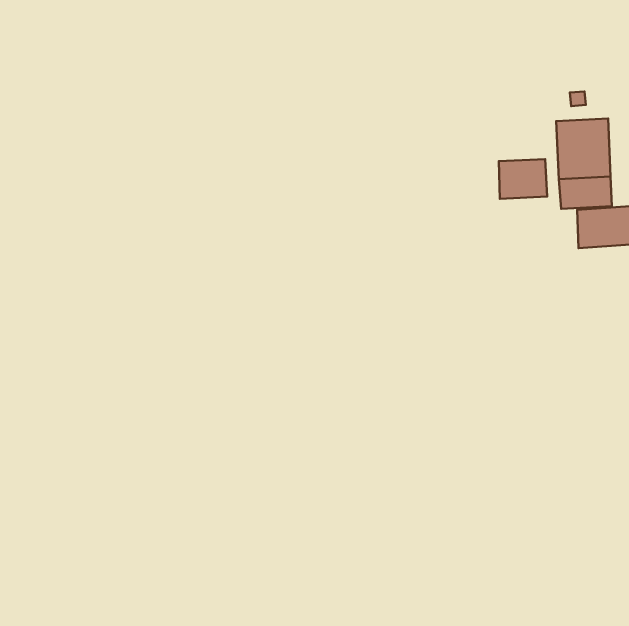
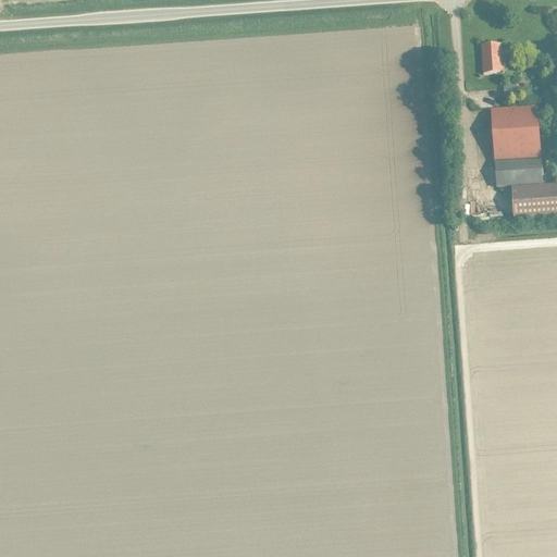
building: none -> [482,40,503,71]
building: [499,159,547,199] -> none

